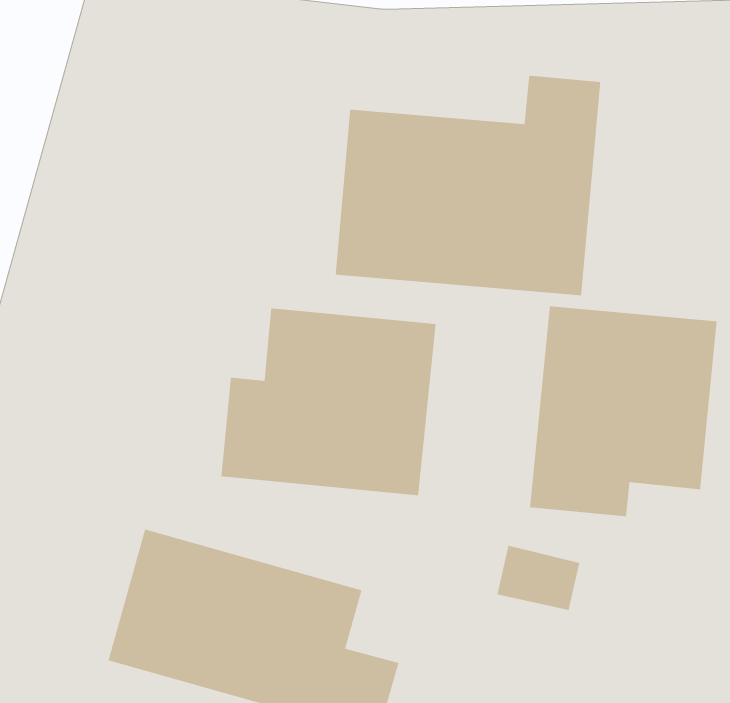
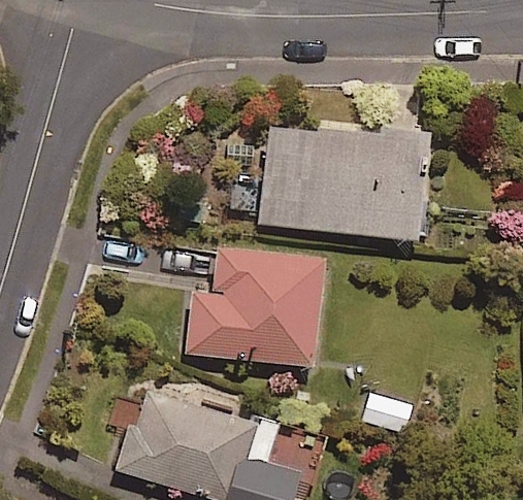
building: [529,305,717,517] -> none

